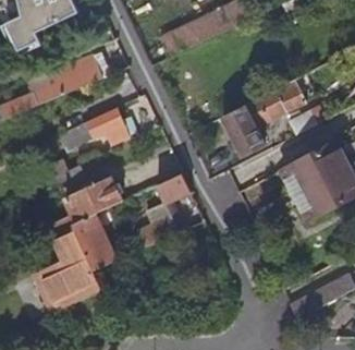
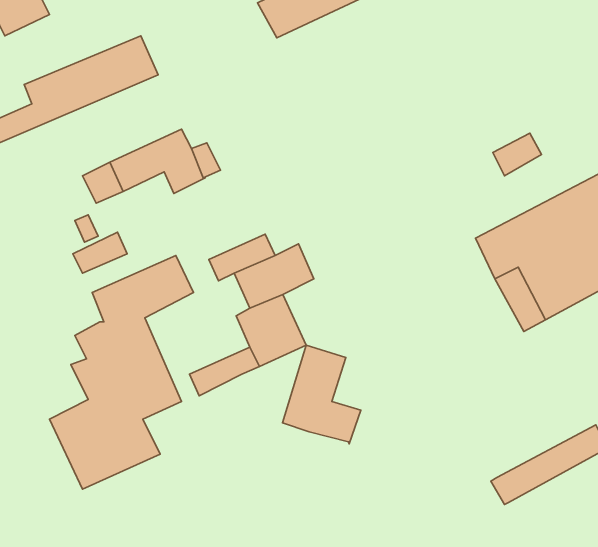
building: [223,77,305,154] -> none
building: none -> [283,345,361,444]

